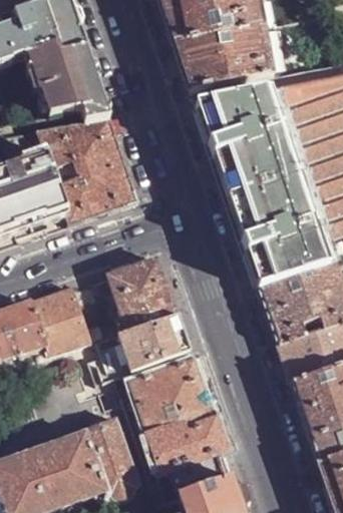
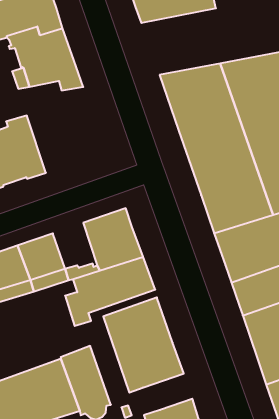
building: [175,25,274,88] -> none
building: [35,116,136,223] -> none
building: [177,448,234,490] -> none

